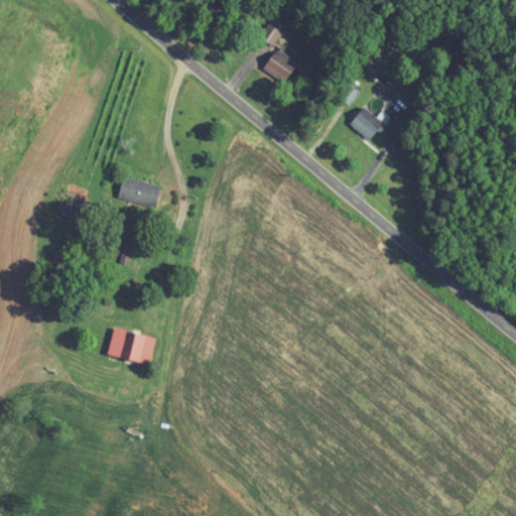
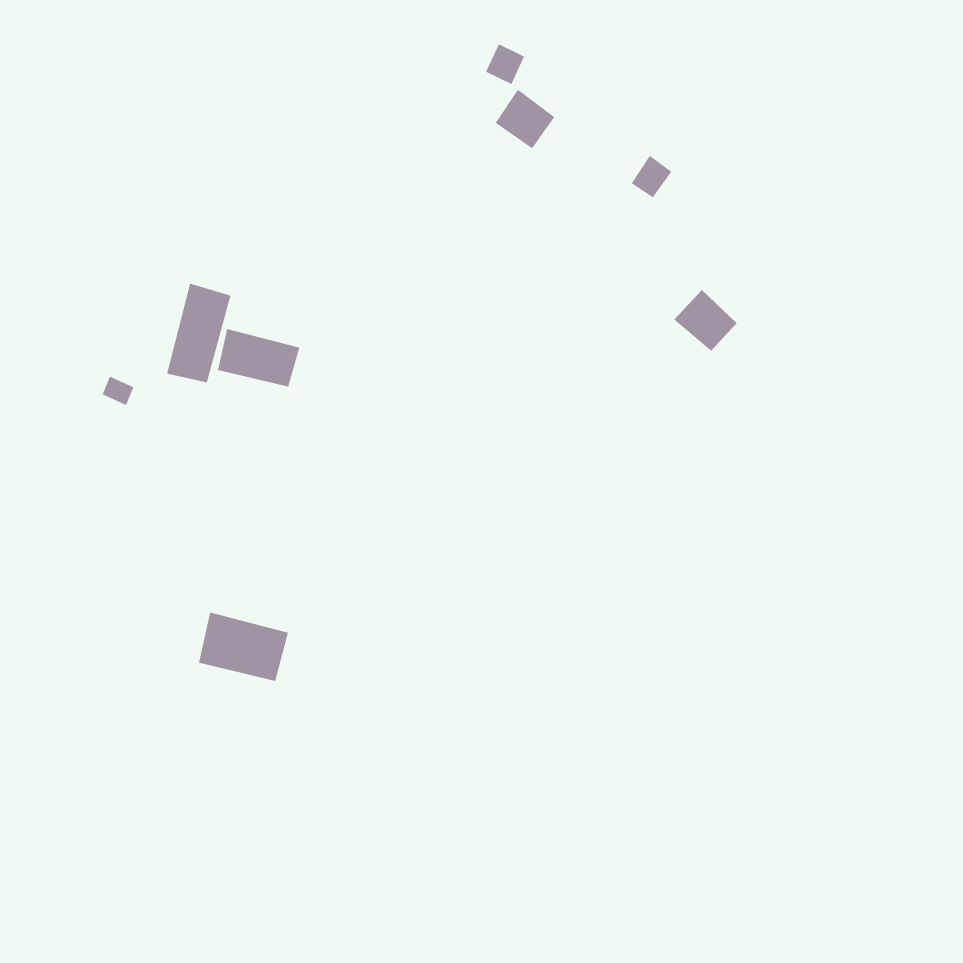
building: [349,107,383,140] -> [673,289,738,351]
building: none -> [166,283,231,383]

